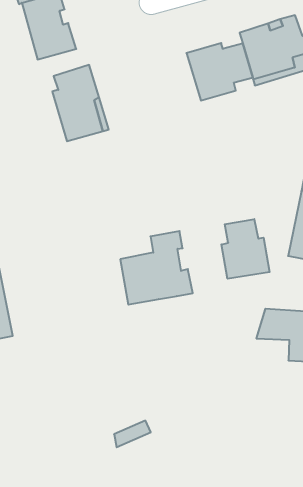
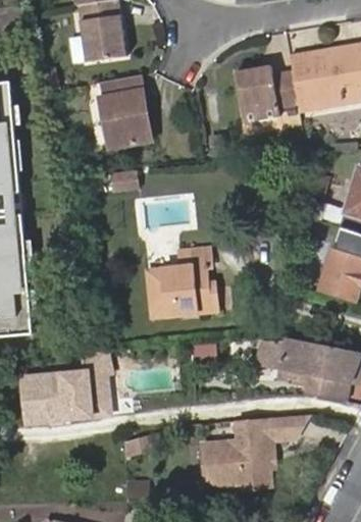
building: [221,219,270,279] -> none
building: none -> [23,352,111,422]
building: none -> [201,414,297,486]

